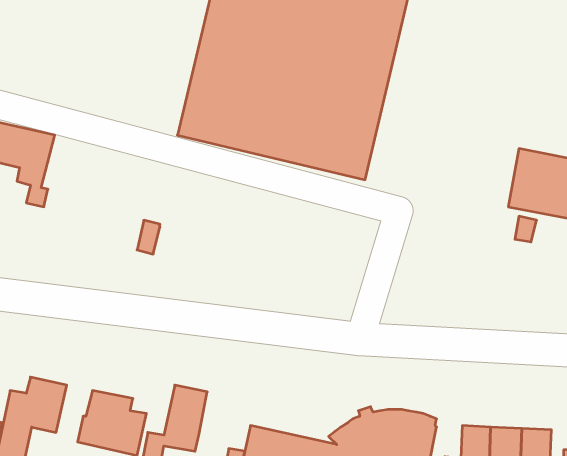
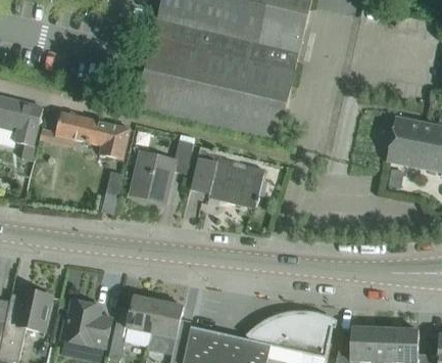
building: none -> [55,111,130,158]
building: none -> [130,140,193,201]
building: none -> [190,144,264,208]
building: none -> [152,301,183,337]

